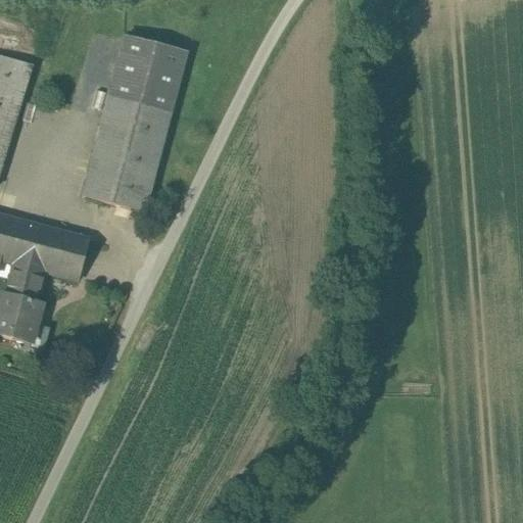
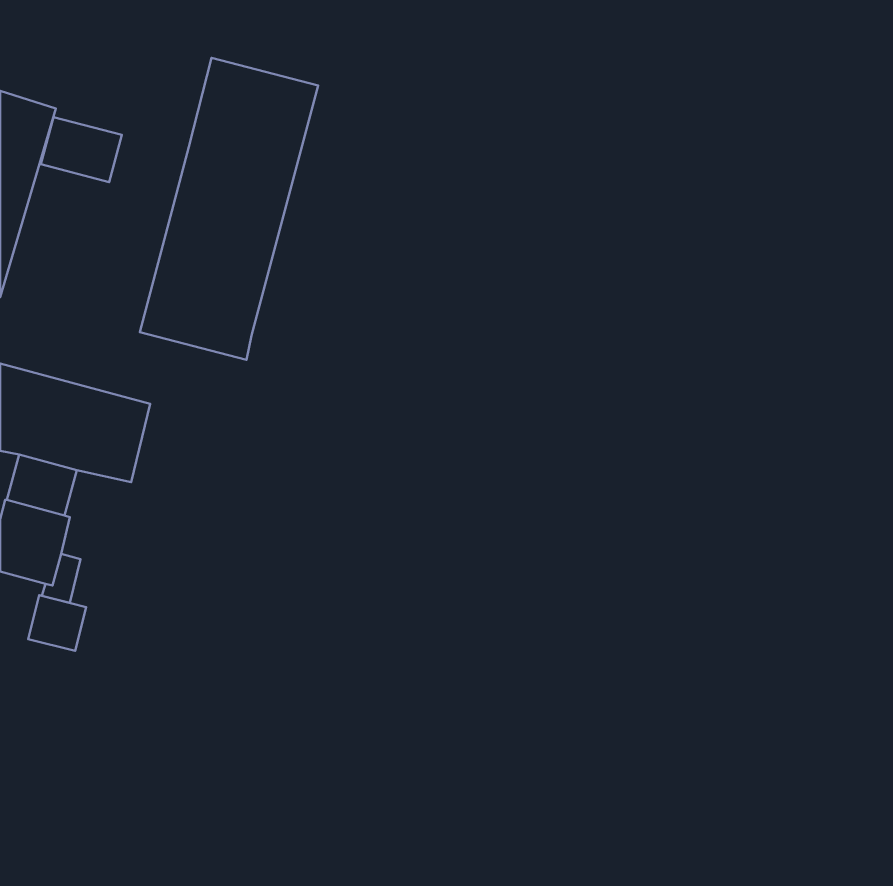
building: none -> [41,117,122,182]
building: none -> [28,595,86,651]

